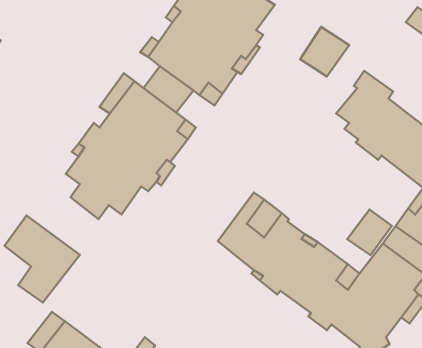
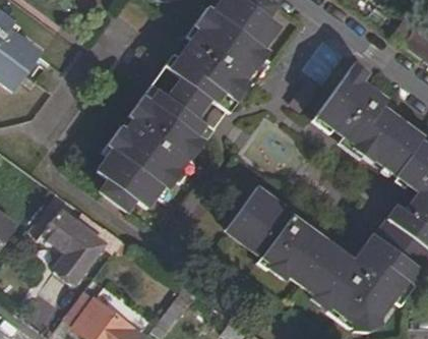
building: none -> [315,59,367,131]
building: [347,209,392,255] -> none

